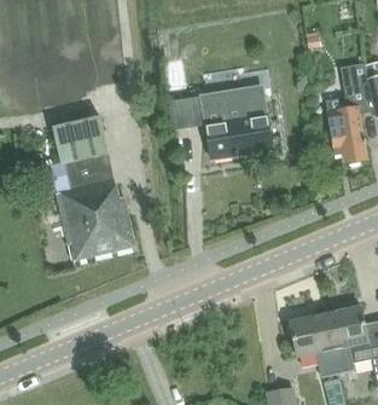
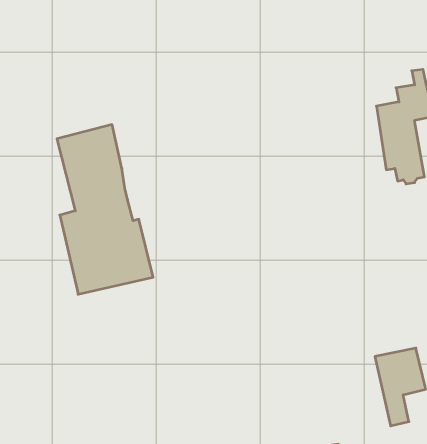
building: [169,89,273,160] -> none
building: [290,314,338,377] -> none

